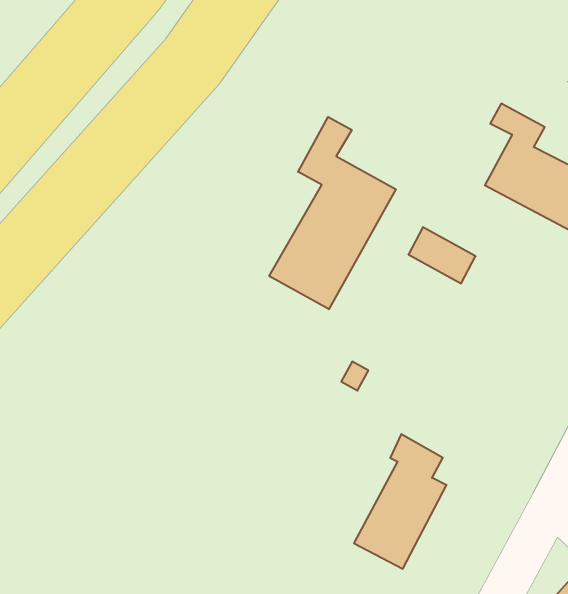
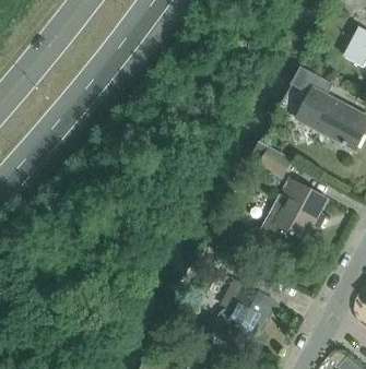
building: [269,117,396,309] -> none
building: none -> [260,177,327,247]

